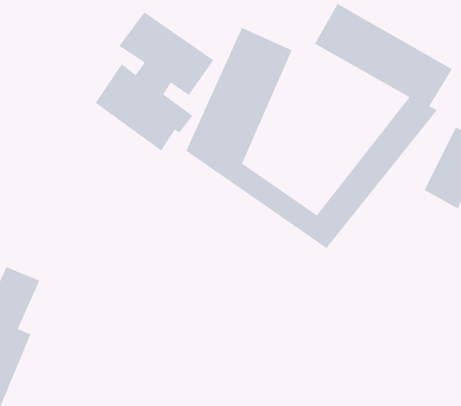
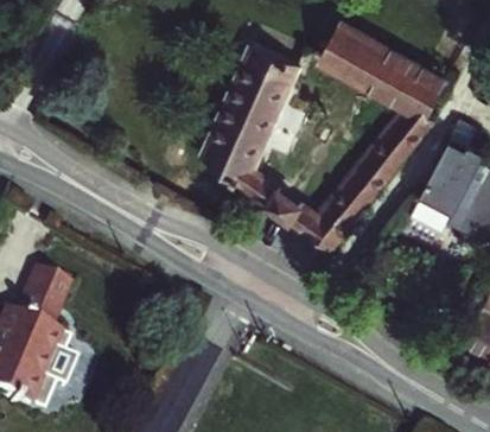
building: [95,12,214,152] -> none

